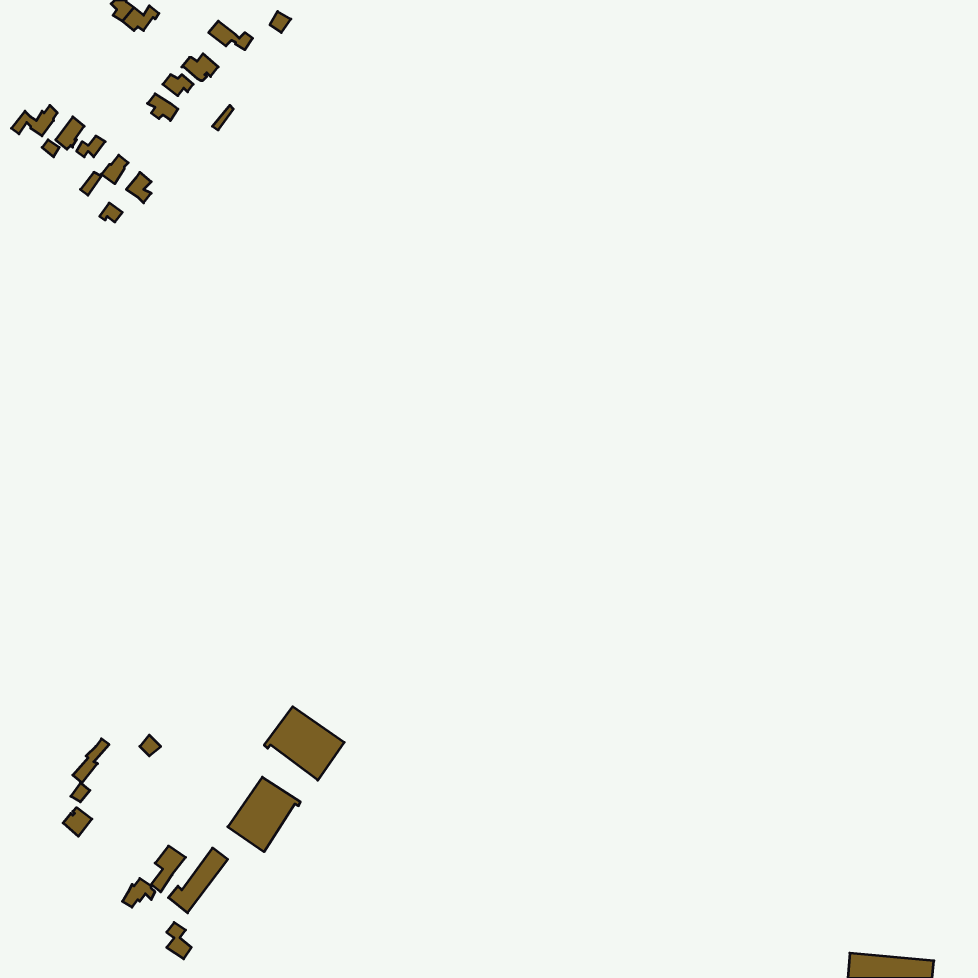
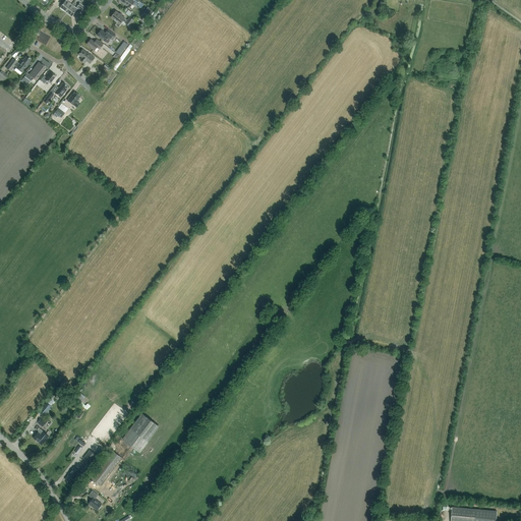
building: [264,707,344,780] -> none

